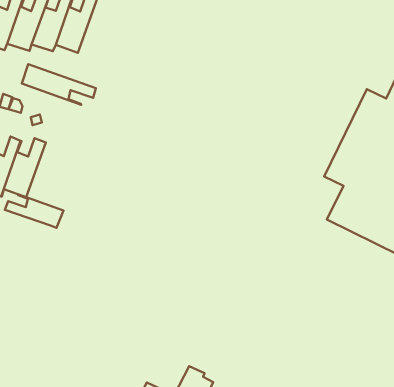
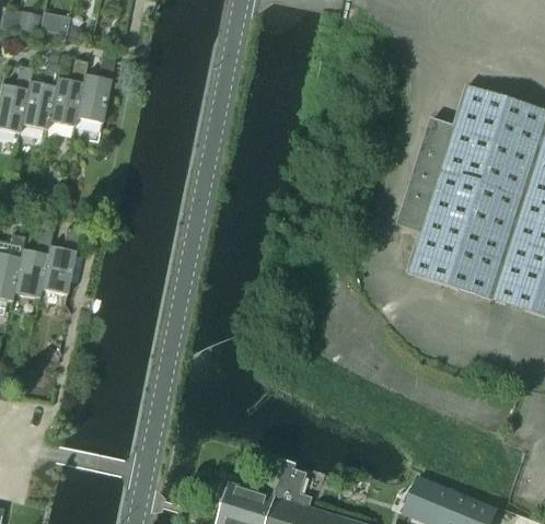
building: [22,64,96,105] -> none
building: [5,194,63,228] -> none

